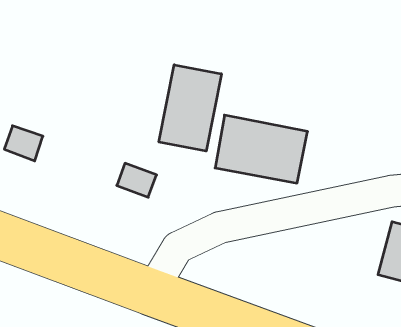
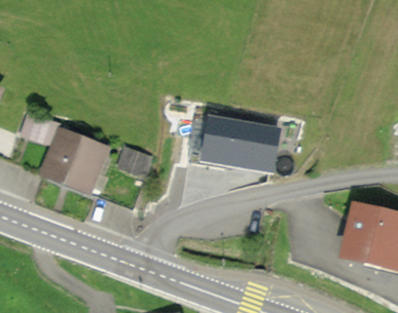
building: [159,65,221,151] -> none
building: none -> [38,133,108,201]

